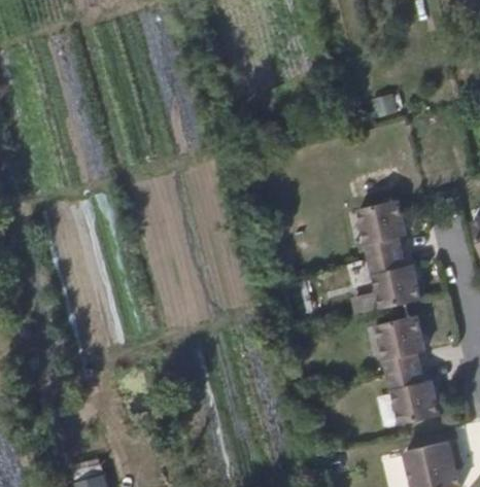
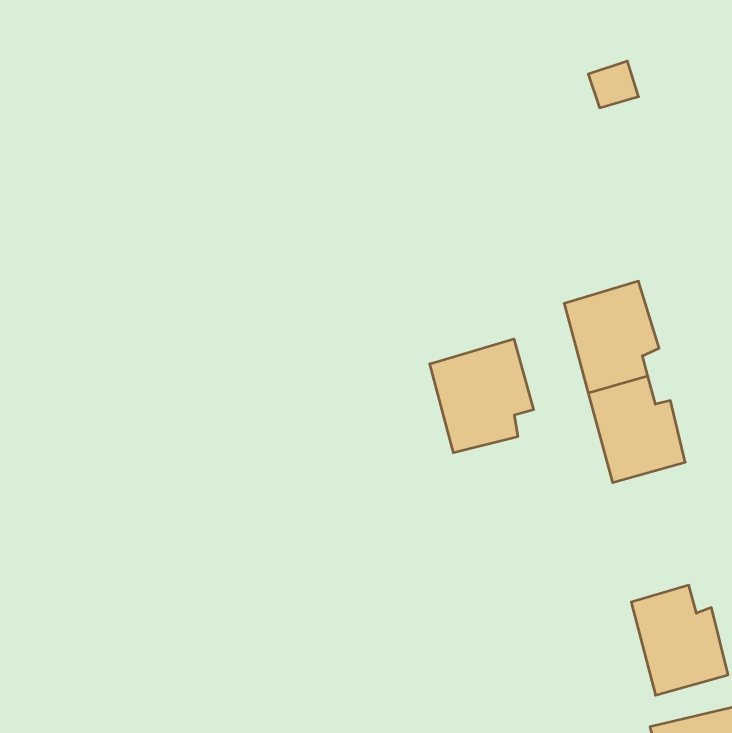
building: none -> [430,339,534,453]
building: [379,320,427,380] -> none

